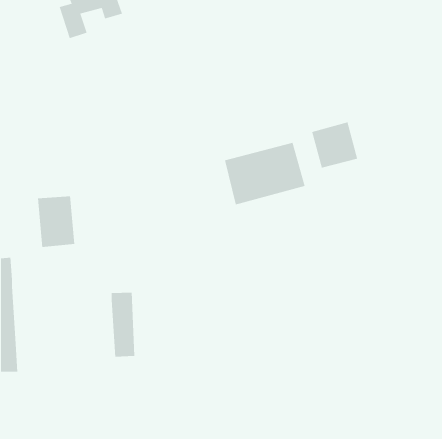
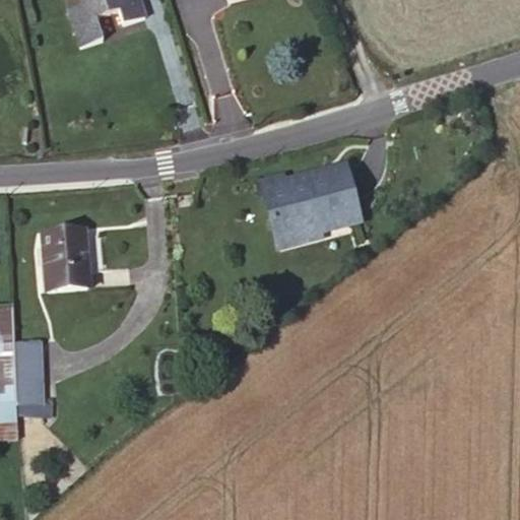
building: [312,121,358,169] -> none
building: [111,292,135,357] -> [15,327,44,403]

